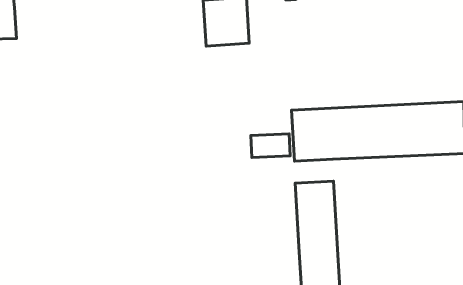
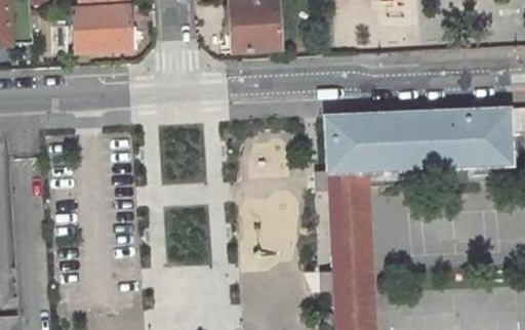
building: none -> [71,6,131,52]
building: [251,134,290,158] -> [327,171,369,197]

